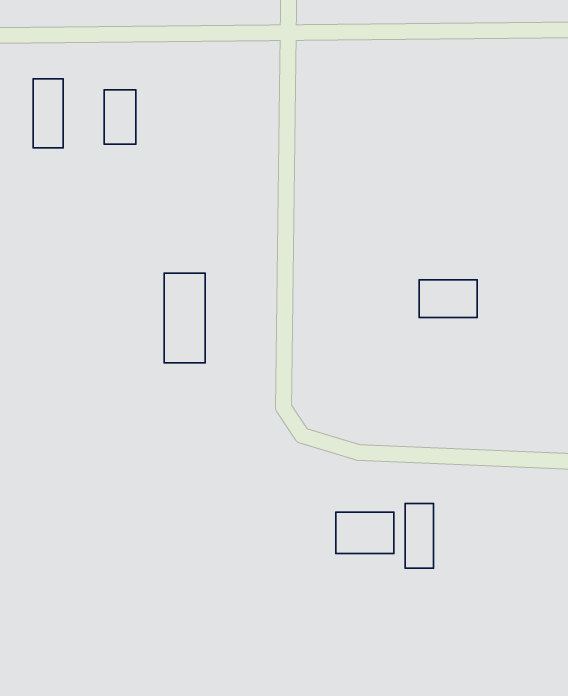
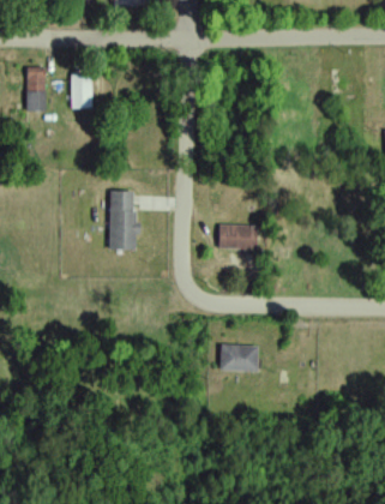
building: [419,280,477,317] -> [219,223,257,247]
building: [405,503,433,568] -> none

